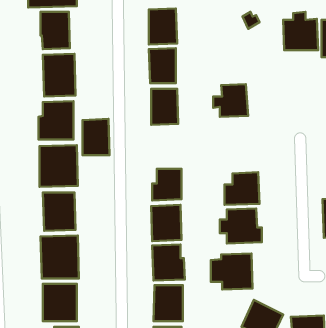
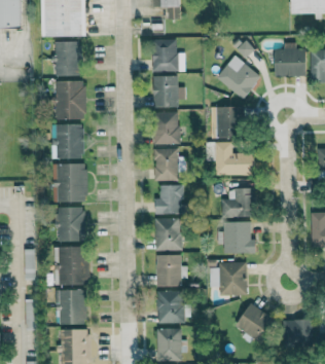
building: none -> [216,56,260,99]
building: [82,119,109,155] -> [154,148,179,181]
building: none -> [214,142,254,176]

